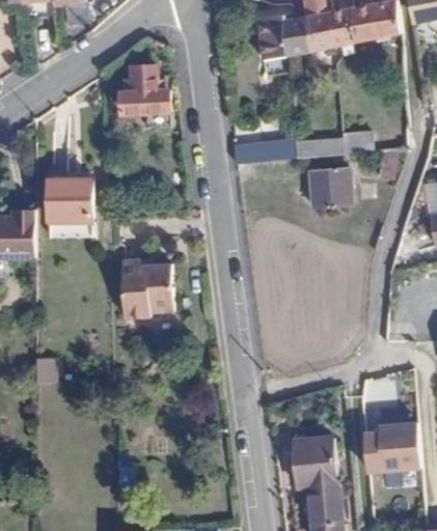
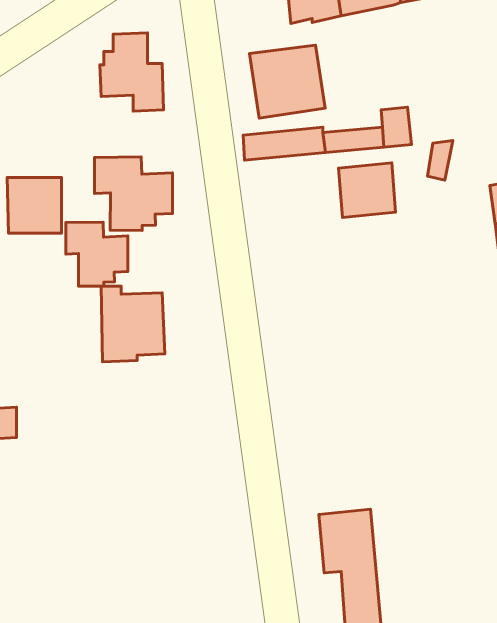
building: none -> [250,45,325,118]
building: none -> [94,157,172,230]
building: none -> [66,222,128,286]
building: [362,418,419,469] -> none

